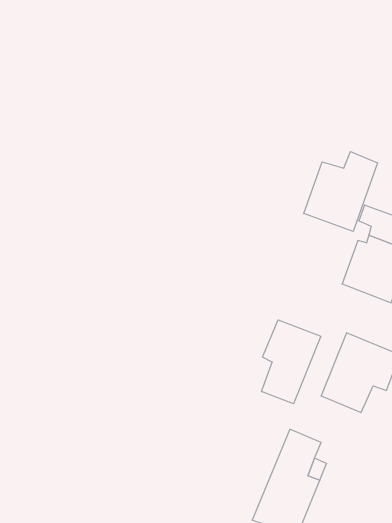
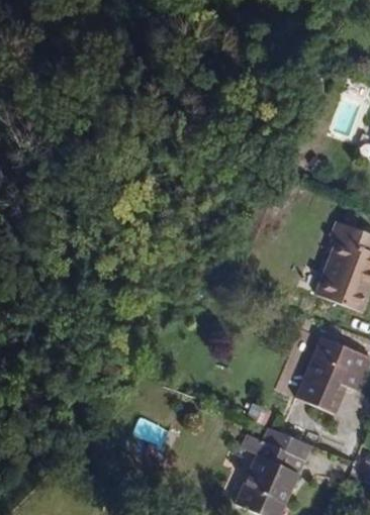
building: [304,152,378,231] -> none
building: [262,320,321,404] -> none

